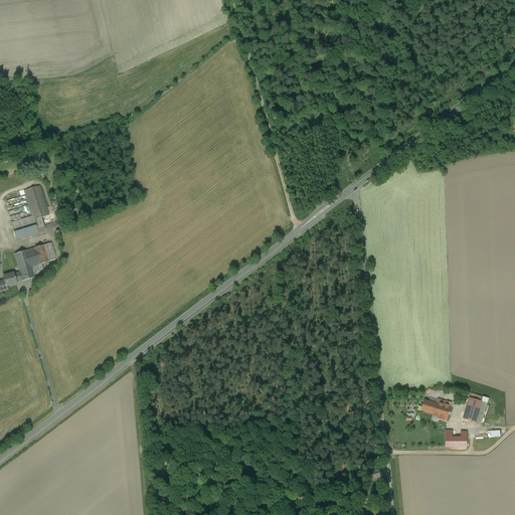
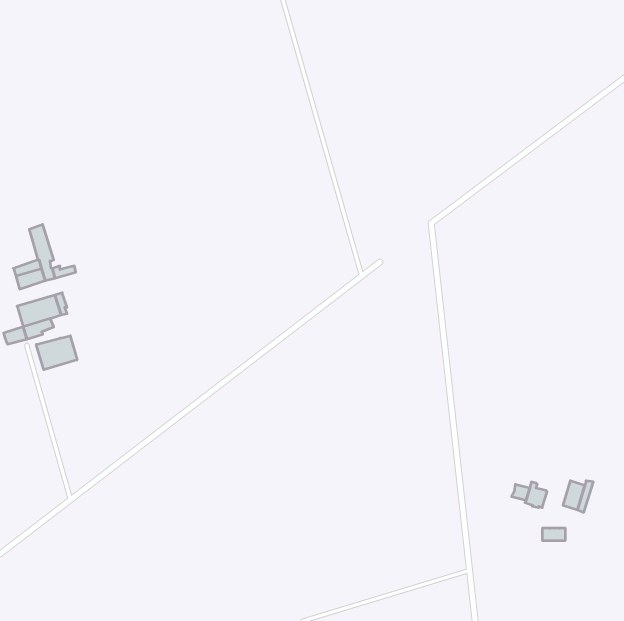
building: none -> [36,336,77,370]

